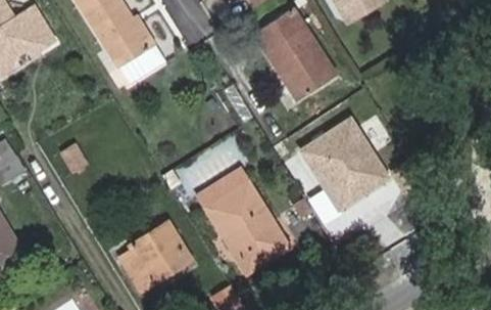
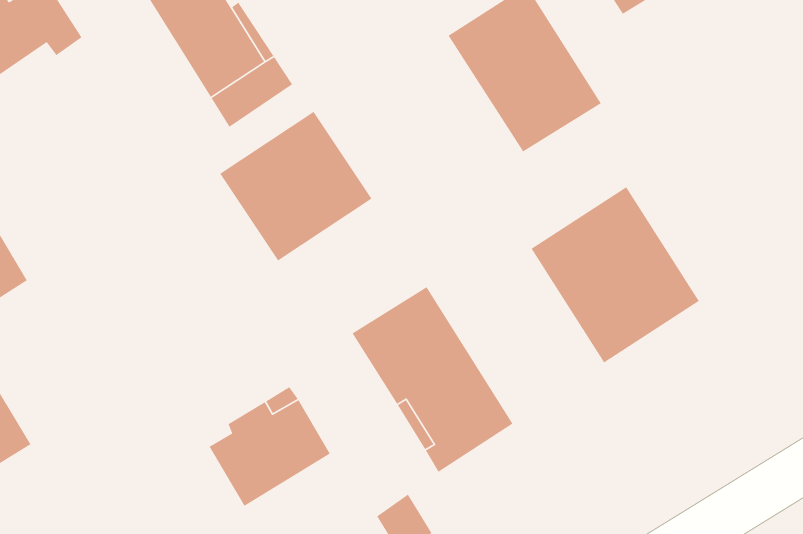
building: none -> [219,111,372,261]

